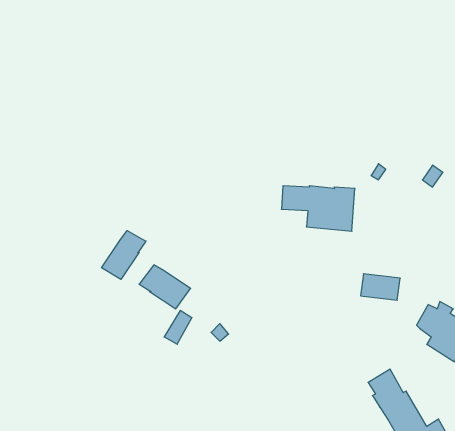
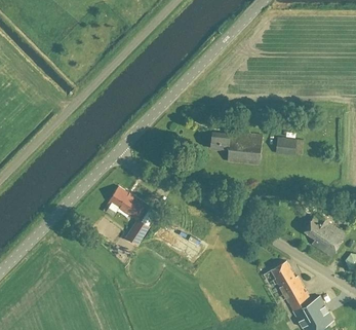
building: [102,231,146,279] -> none
building: [361,274,400,300] -> [275,138,303,156]

